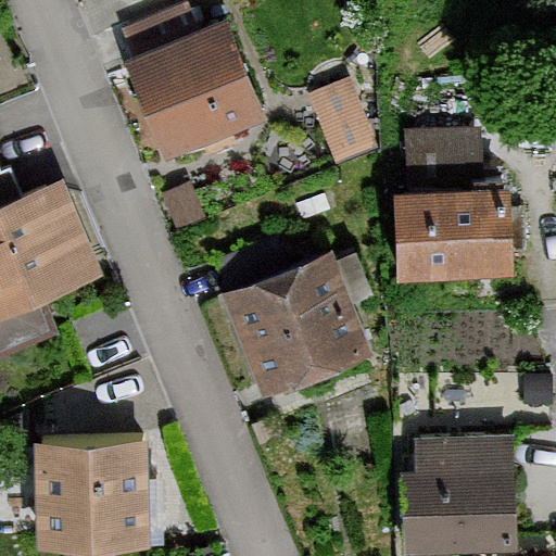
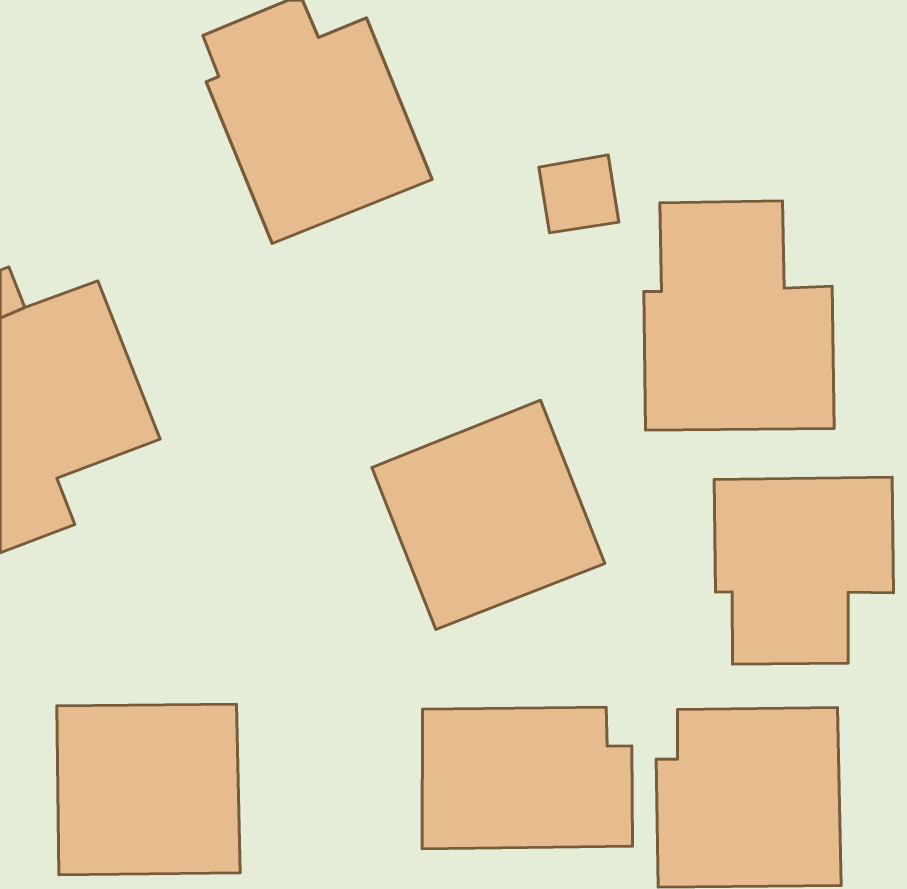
building: none -> [714,477,894,664]
building: none -> [422,707,632,849]

